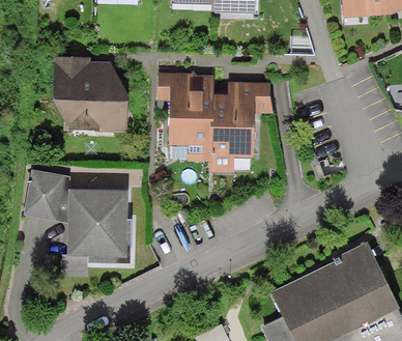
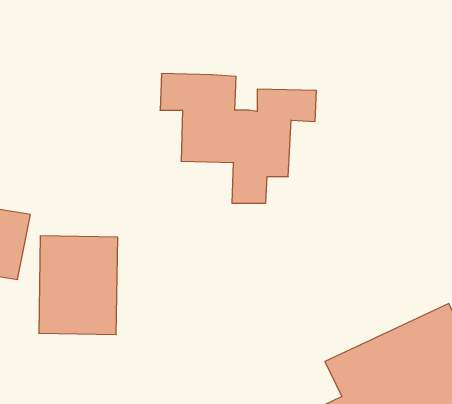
building: [53,69,123,138] -> none

